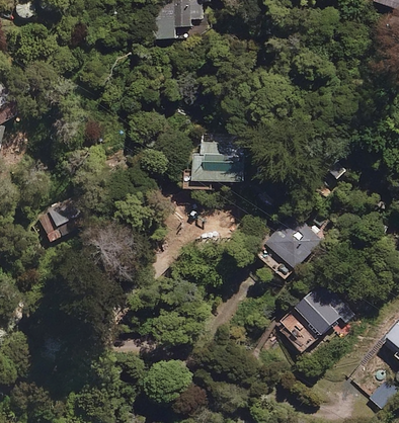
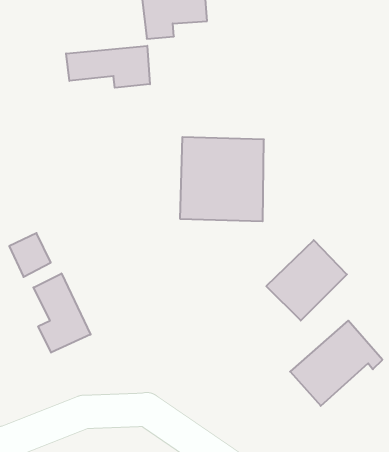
building: none -> [66,46,150,88]
building: none -> [33,273,91,353]

